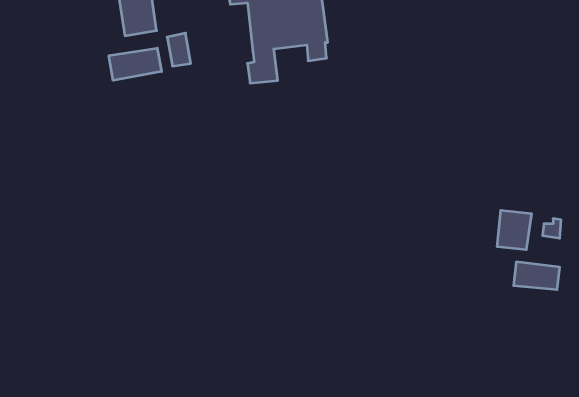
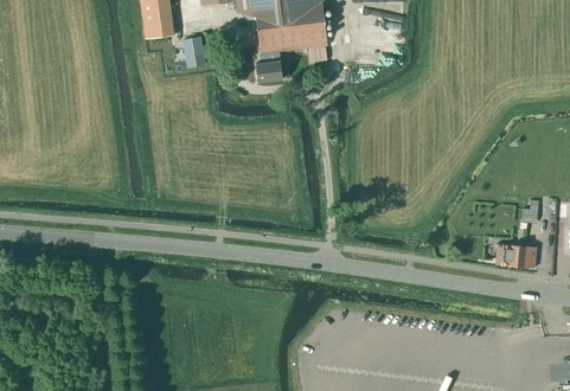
building: [109,48,162,80] -> none
building: [497,210,531,250] -> none

